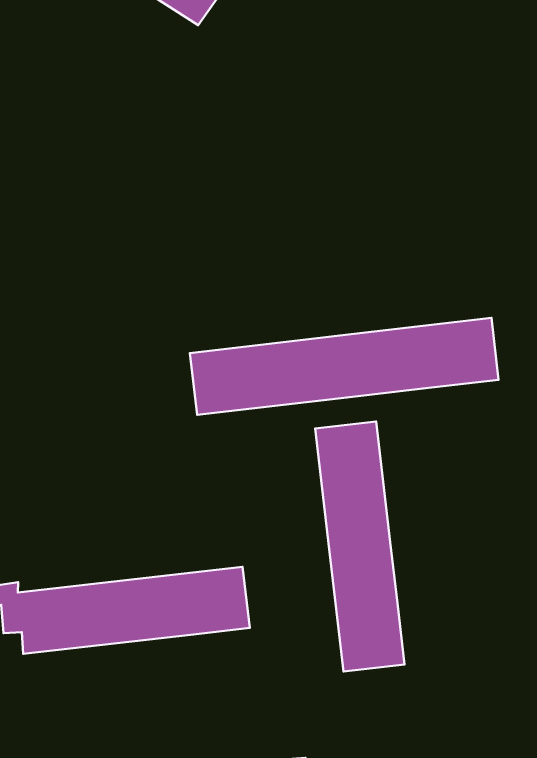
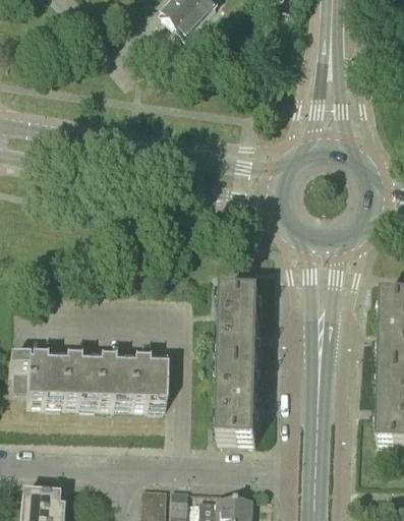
building: [190,318,499,415] -> none

